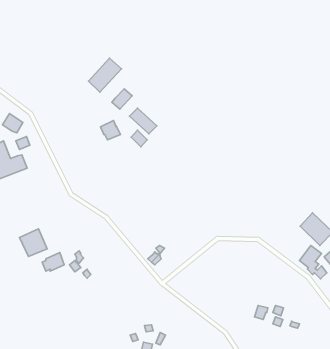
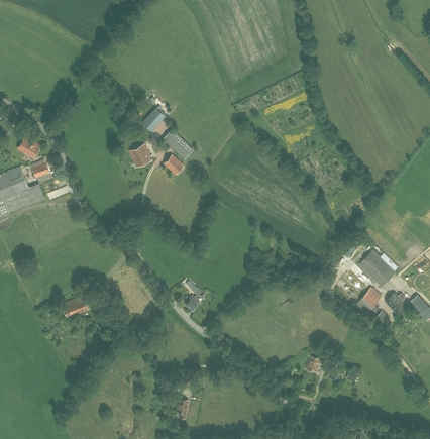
building: [89,58,122,92] -> none
building: [19,229,47,257] -> none

